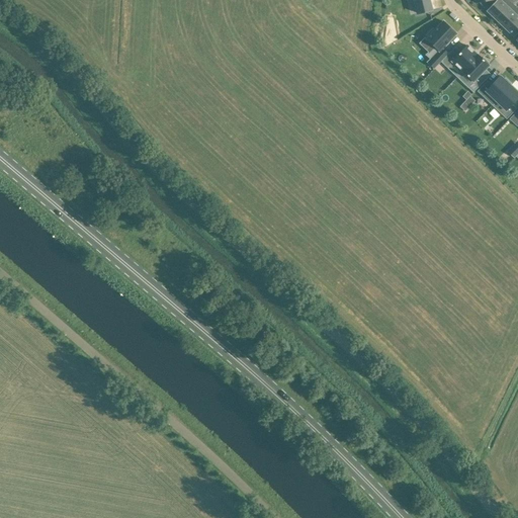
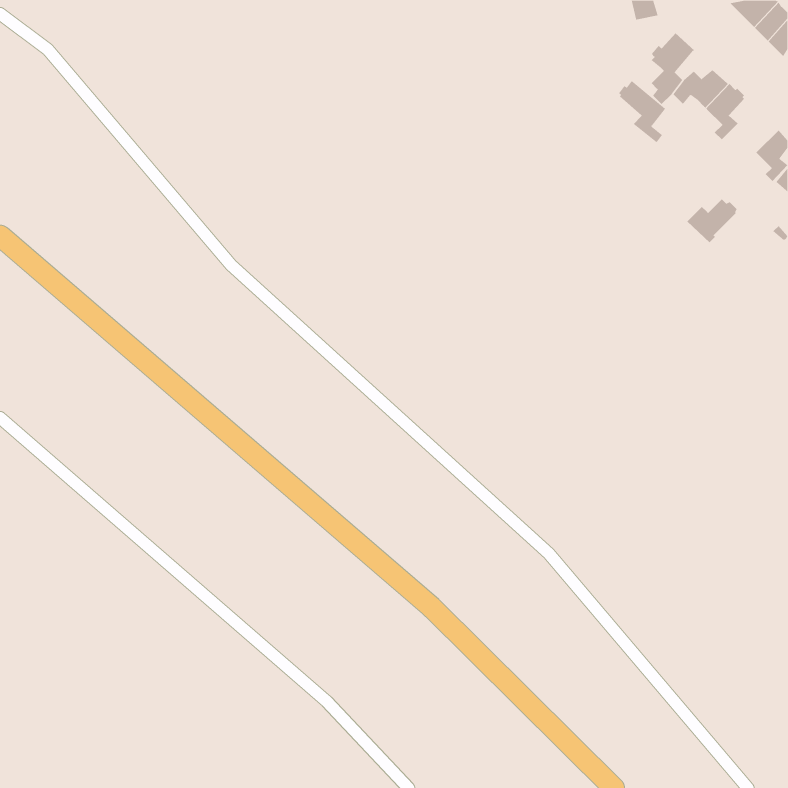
building: none -> [618,80,678,143]
building: [478,76,511,105] -> [686,198,737,243]

